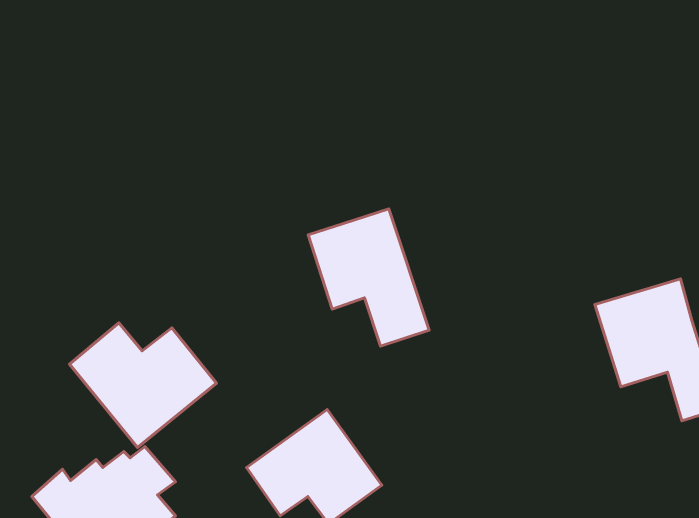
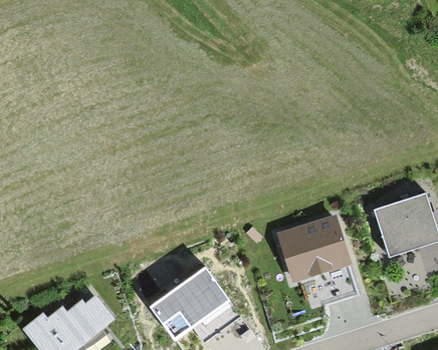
building: [308,209,429,346] -> [281,218,357,303]
building: [70,323,217,447] -> none

